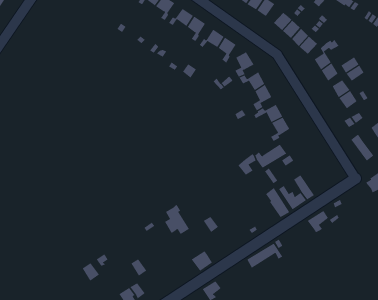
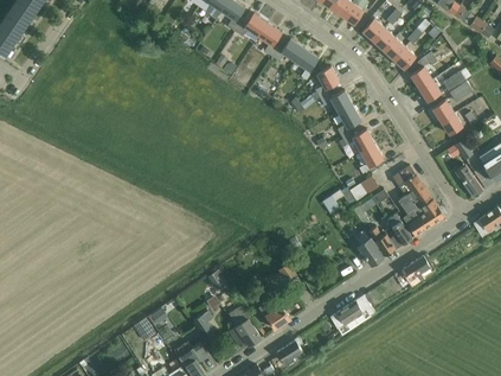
building: none -> [392,166,445,236]
building: [164,204,190,235] -> [230,310,261,346]

